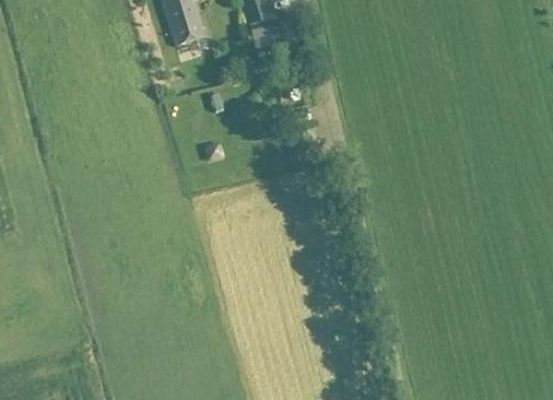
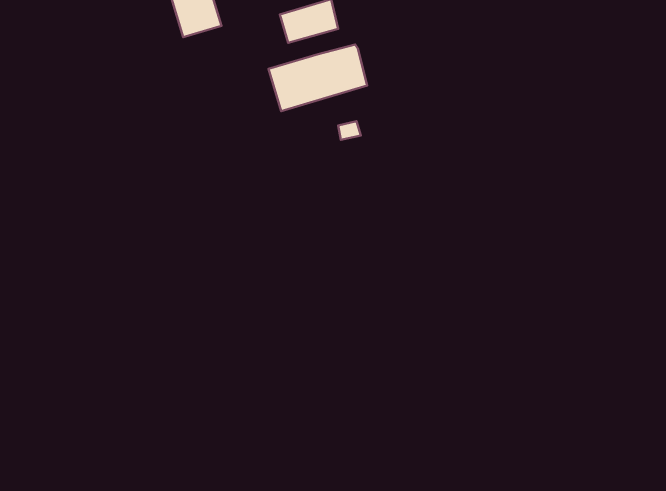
building: none -> [269,44,367,111]

